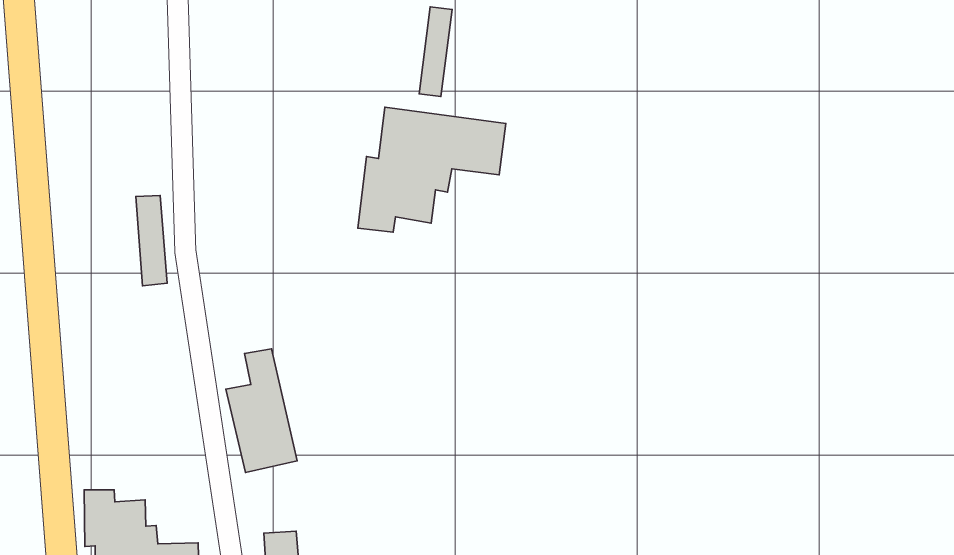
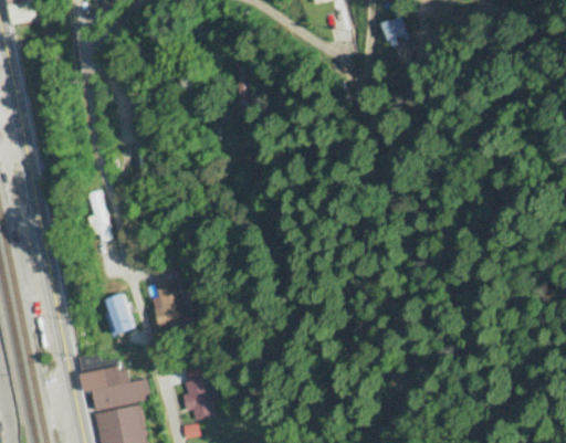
building: [358,107,506,232] -> none
building: none -> [108,293,136,335]

